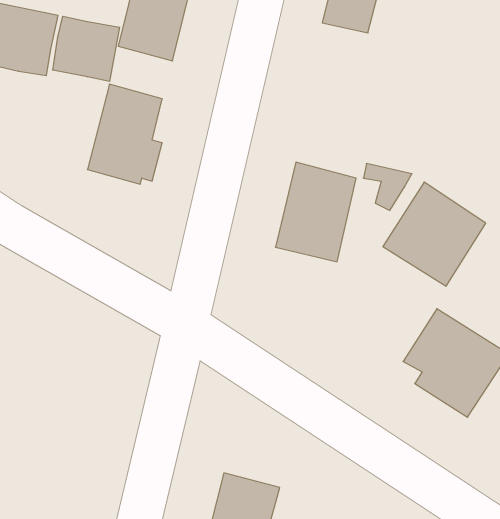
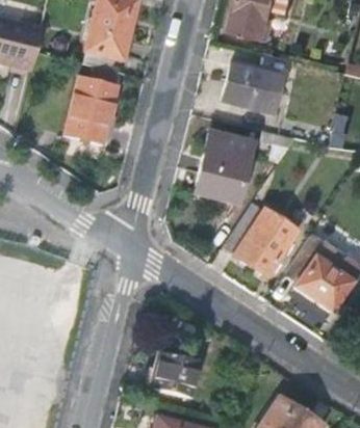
building: [53,16,120,81] -> none
building: none -> [223,60,283,111]
building: [383,182,486,286] -> [225,203,298,276]

